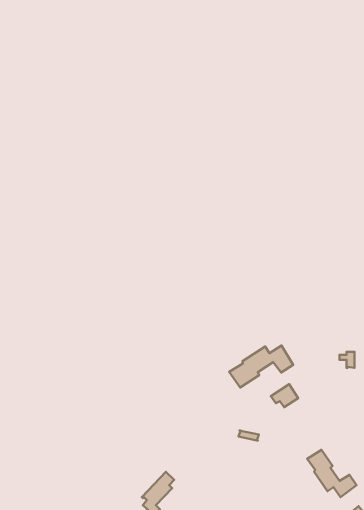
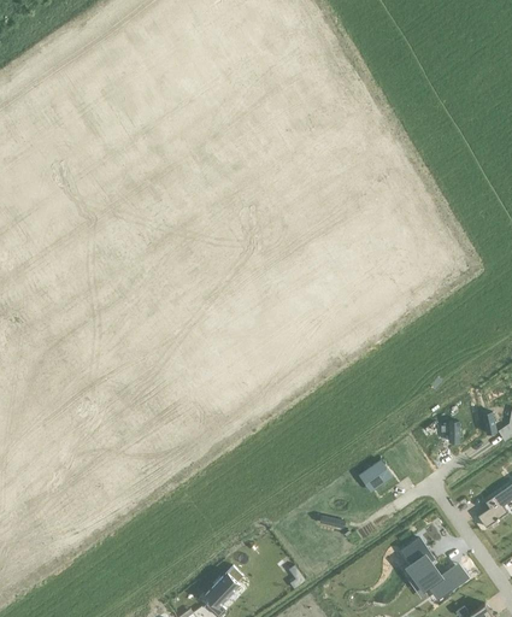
building: [229,345,293,387] -> none

